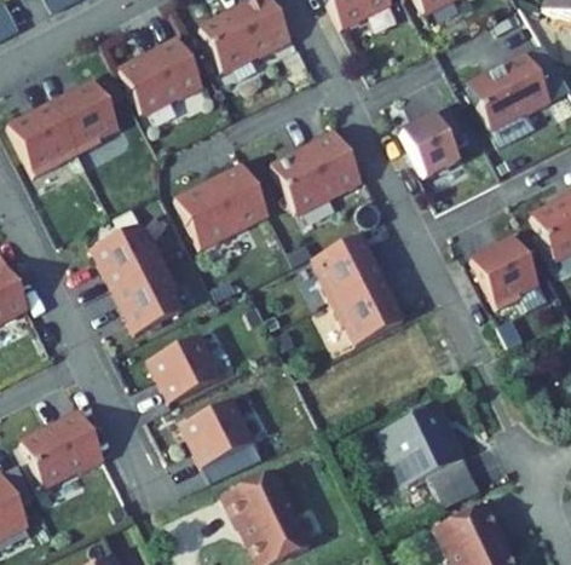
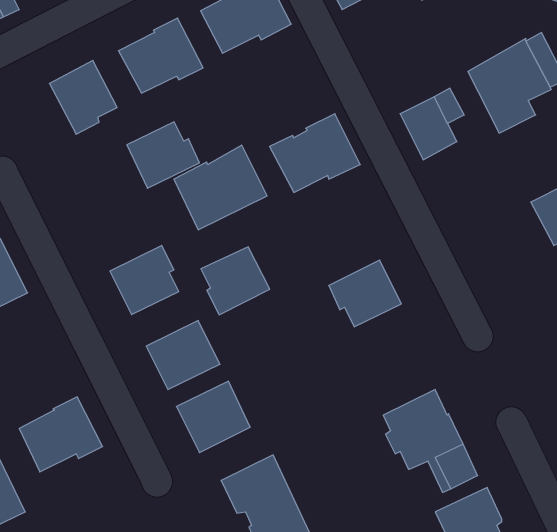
building: [7,99,77,172] -> none
building: [91,220,163,287] -> [127,122,199,188]
building: [312,234,381,301] -> [201,247,270,315]
building: [472,238,538,312] -> none

